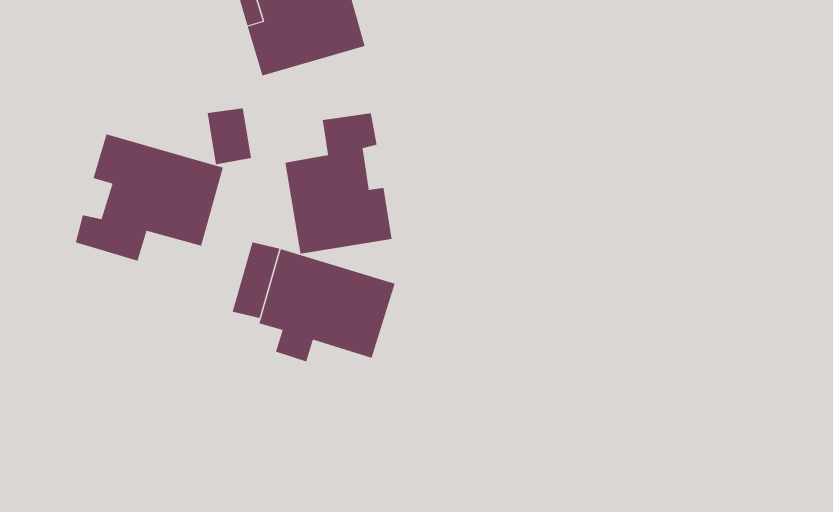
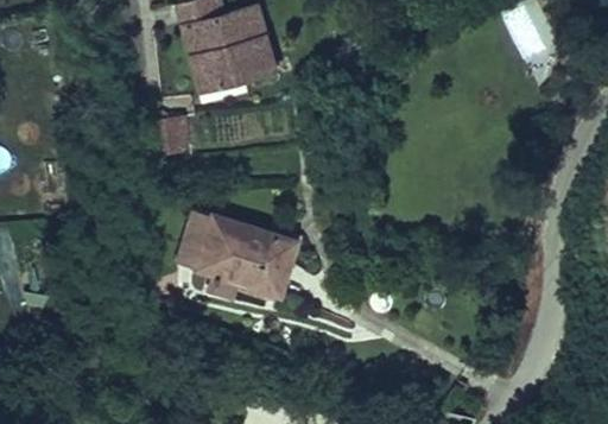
building: [285,112,392,254] -> none
building: [75,134,224,261] -> none

